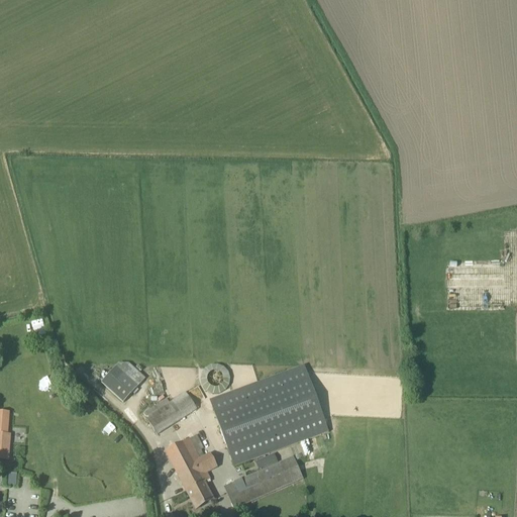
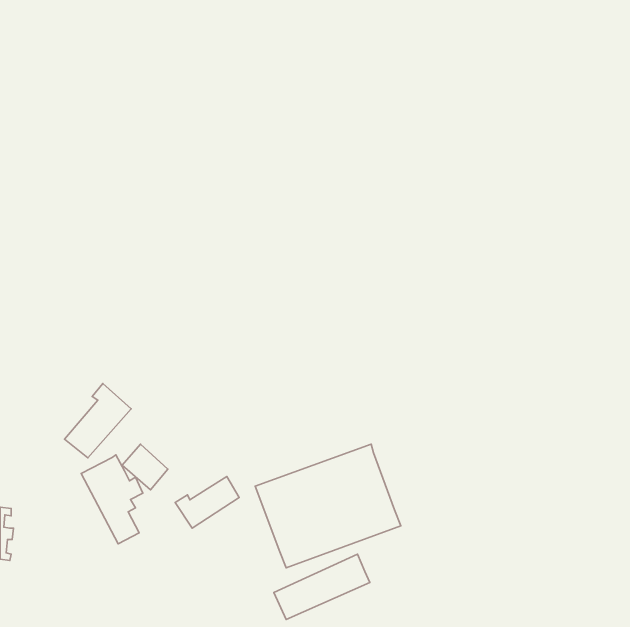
building: none -> [65,383,131,458]
building: [166,434,216,507] -> [81,455,143,544]

